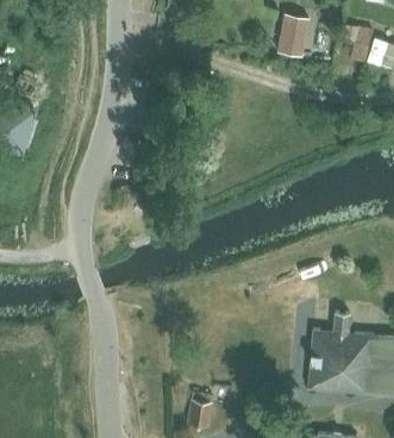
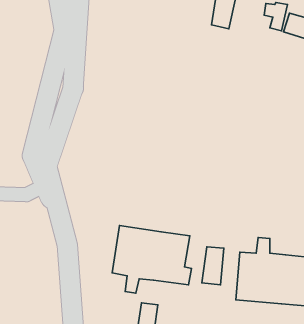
building: none -> [112,225,191,293]
building: none -> [202,247,224,285]

